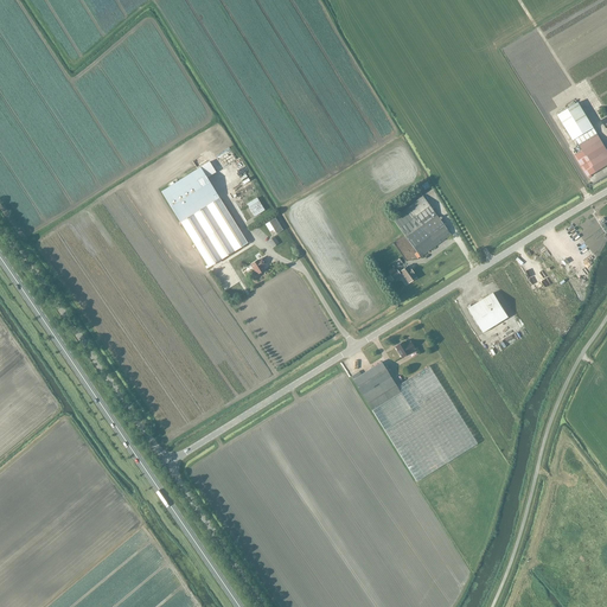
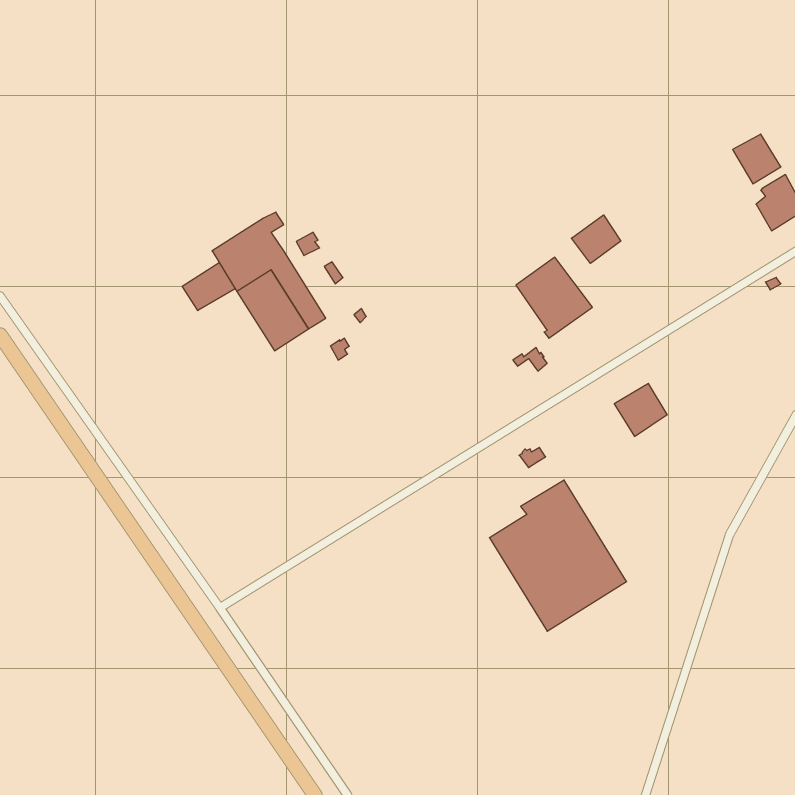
building: none -> [571,215,621,263]
building: none -> [182,263,235,311]
building: [354,360,402,409] -> none

